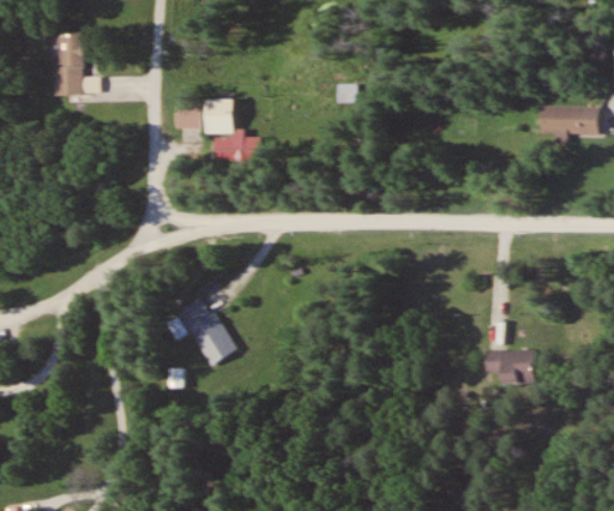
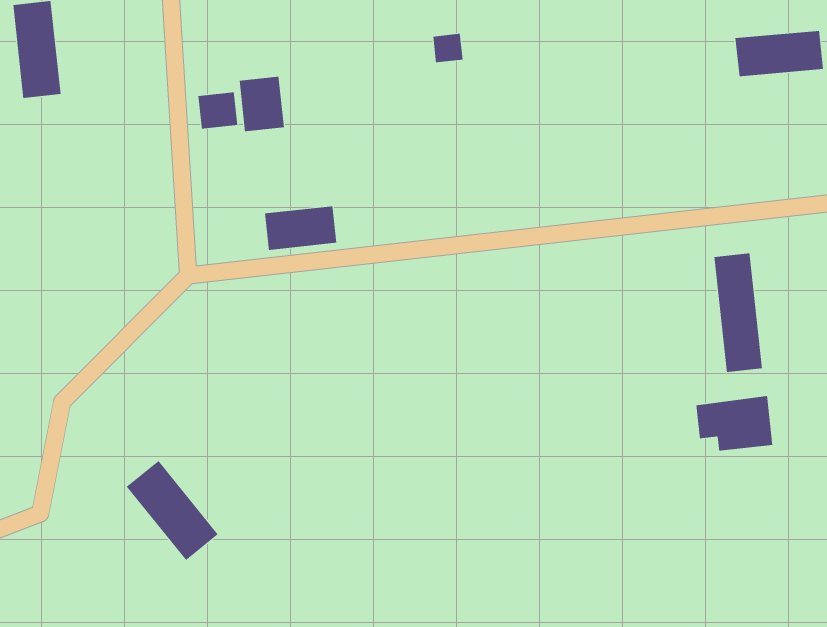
building: [213,137,260,162] -> [264,206,337,250]
building: none -> [714,253,763,373]
building: [177,296,236,366] -> [126,460,219,561]

